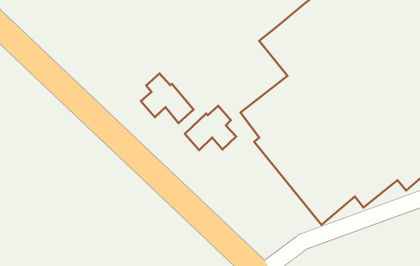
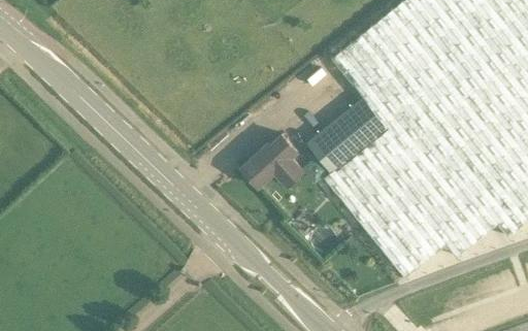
building: [141,73,193,123] -> none

